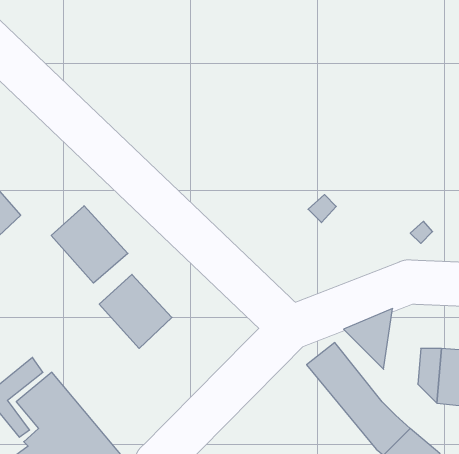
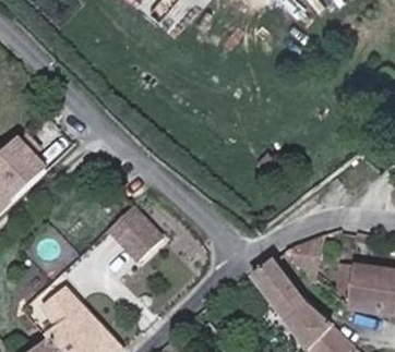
building: [51,206,128,283] -> none

